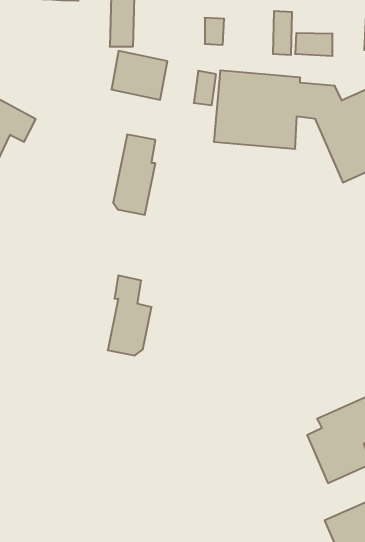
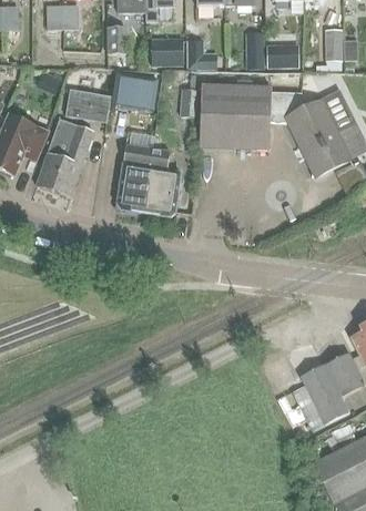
building: none -> [151,37,184,65]
building: none -> [67,86,111,120]
building: none -> [35,116,95,195]
building: [108,275,152,356] -> [145,145,181,213]

